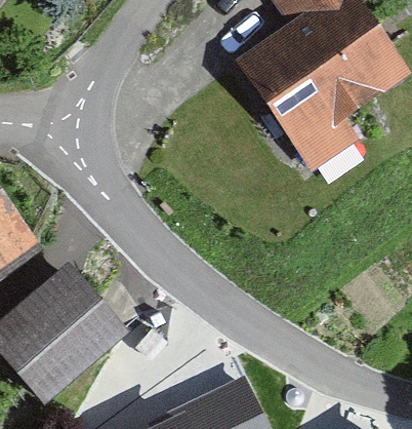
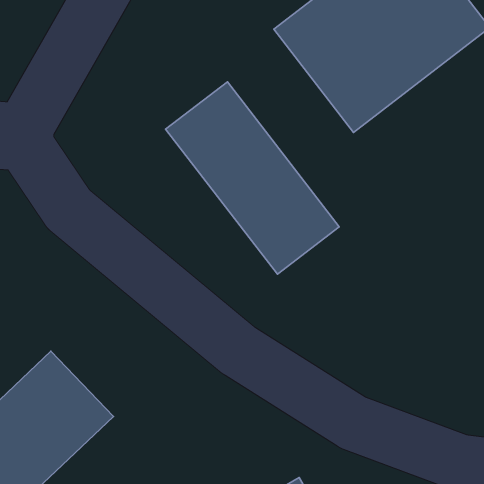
building: none -> [166,82,339,274]

